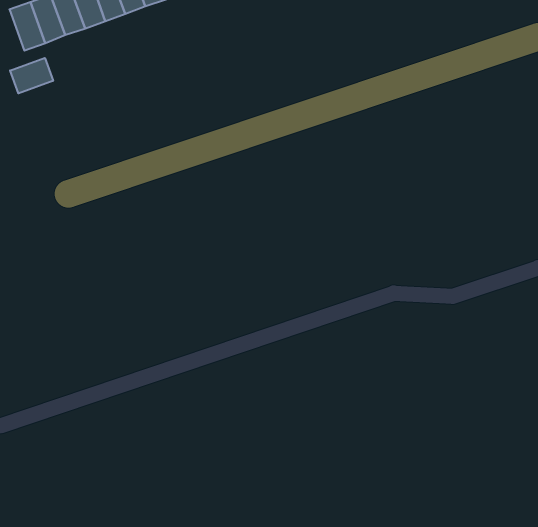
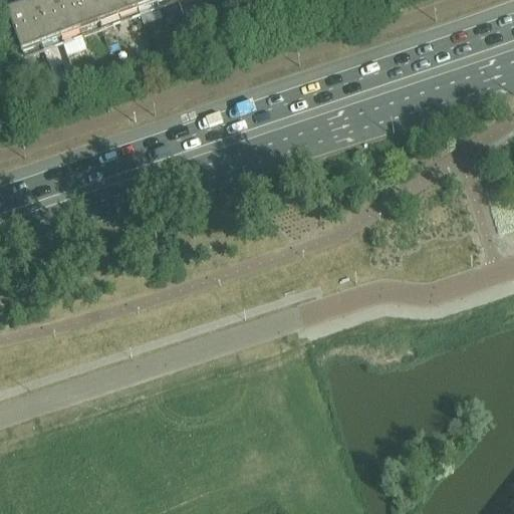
building: [10,58,53,93] -> none

